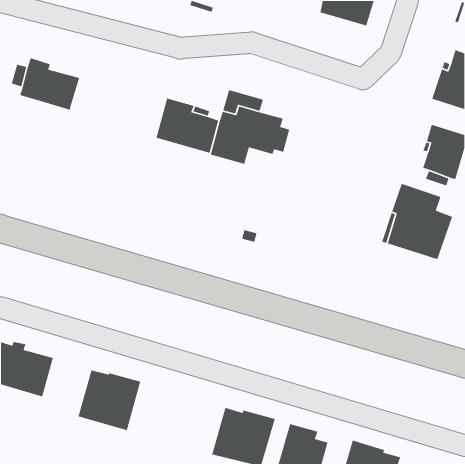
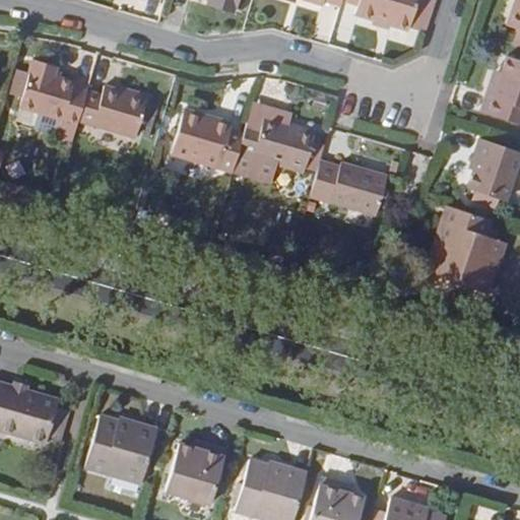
building: none -> [79,86,148,138]
building: none -> [312,162,388,214]
building: none -> [168,437,228,502]

